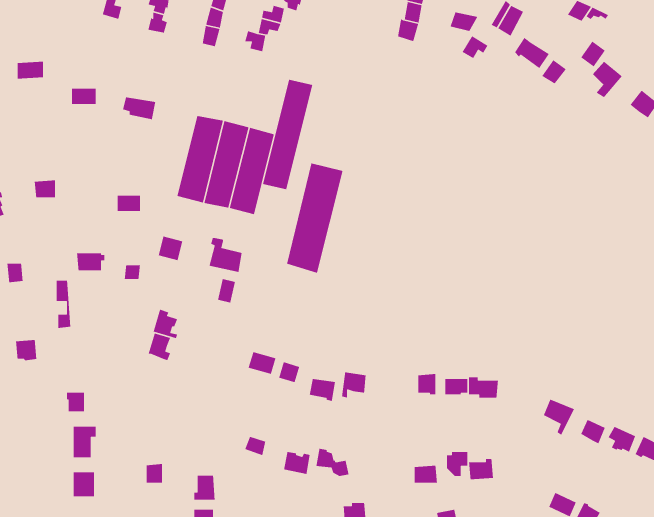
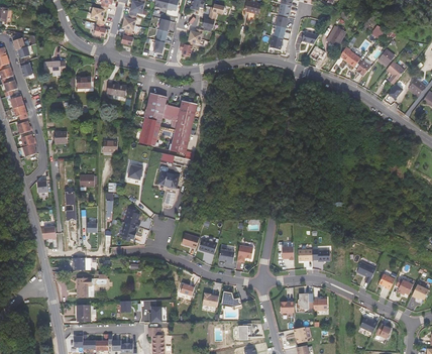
building: [262,79,313,190] -> none
building: [286,163,343,274] -> none

